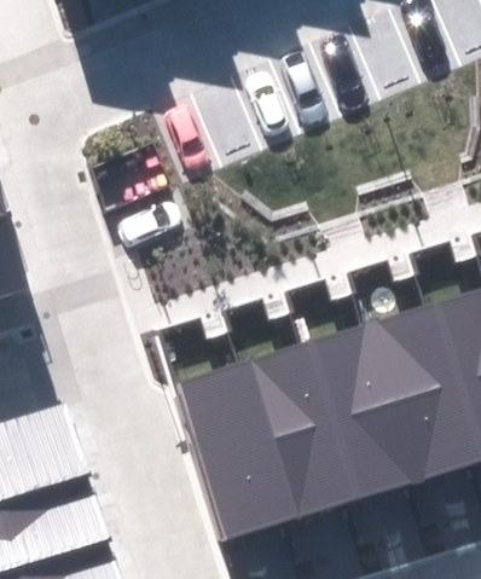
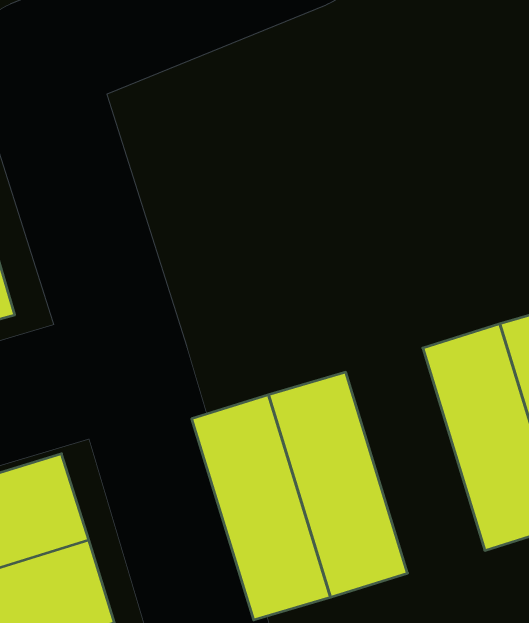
building: [294,325,405,505] -> none

